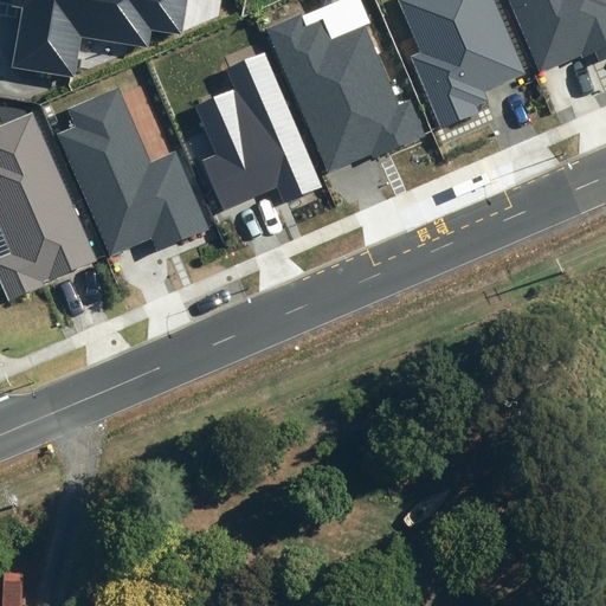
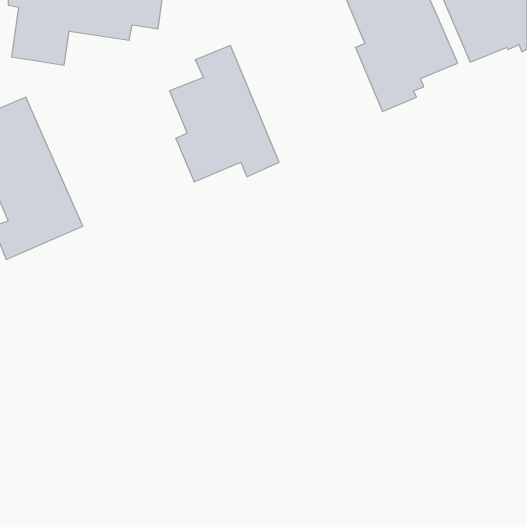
building: [265,14,425,172] -> none
building: [56,86,207,254] -> none

